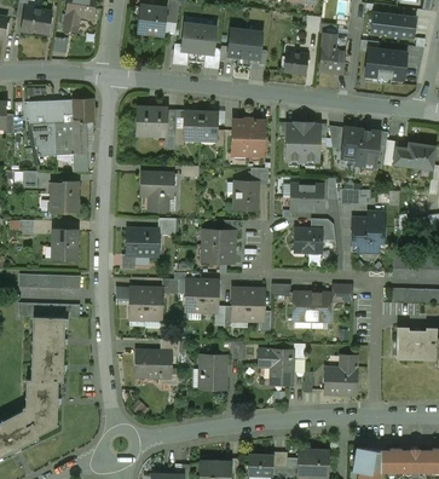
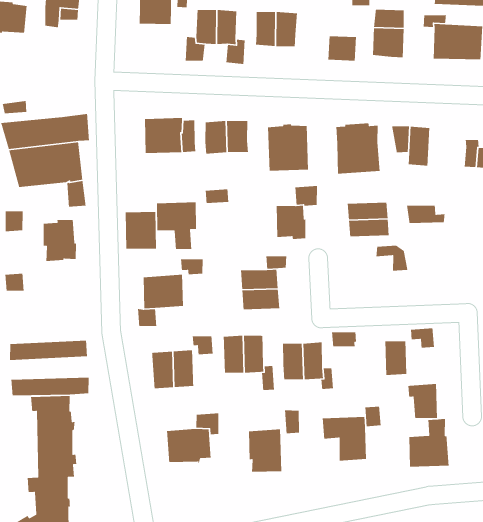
building: [356,129,380,167] -> none
building: none -> [125,211,157,250]
building: [351,212,383,253] -> none
building: [293,227,323,254] -> none
building: [52,229,76,260] -> none
building: [289,293,312,321] -> [407,383,438,419]

